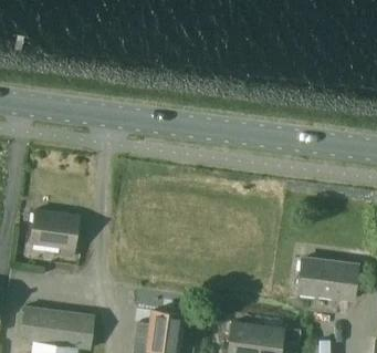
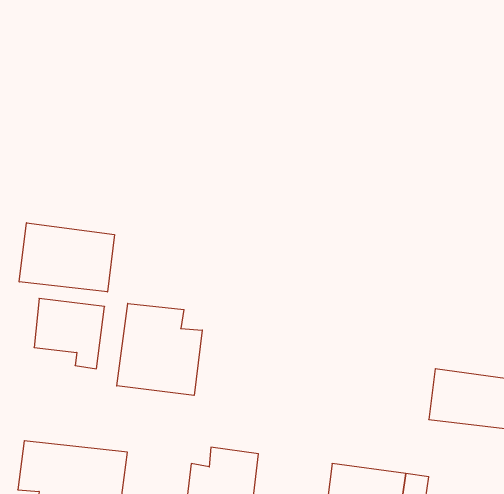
building: none -> [19,223,114,292]
building: none -> [117,303,202,395]

